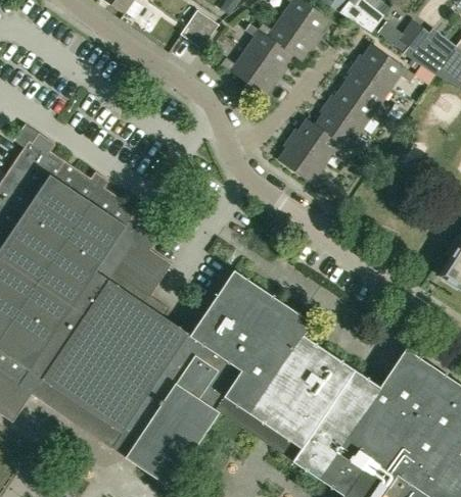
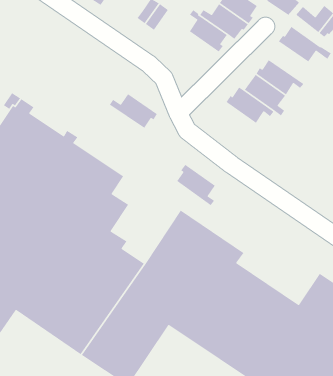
building: [221,52,281,96] -> [109,93,158,129]
building: [342,64,391,116] -> none
building: [278,139,327,191] -> [176,164,216,206]

